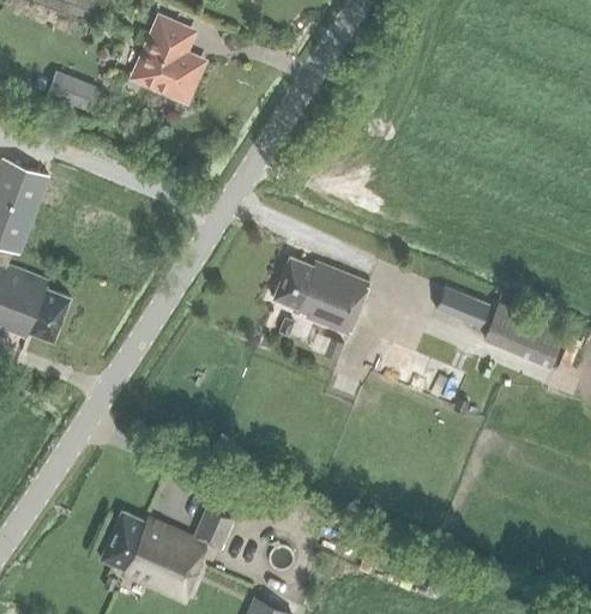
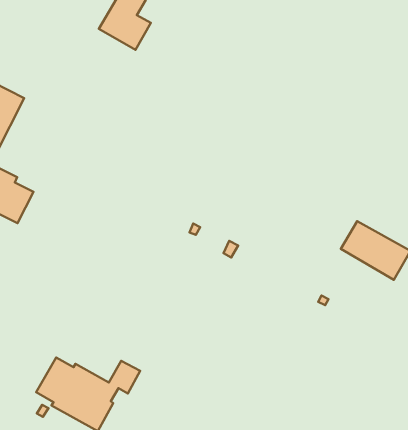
building: [47,70,96,109] -> none
building: [273,257,367,335] -> none
building: [436,288,489,327] -> none

